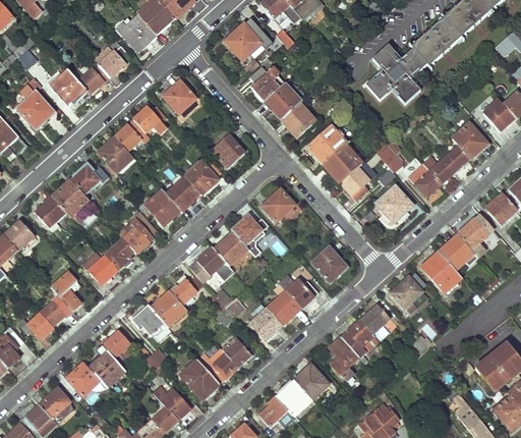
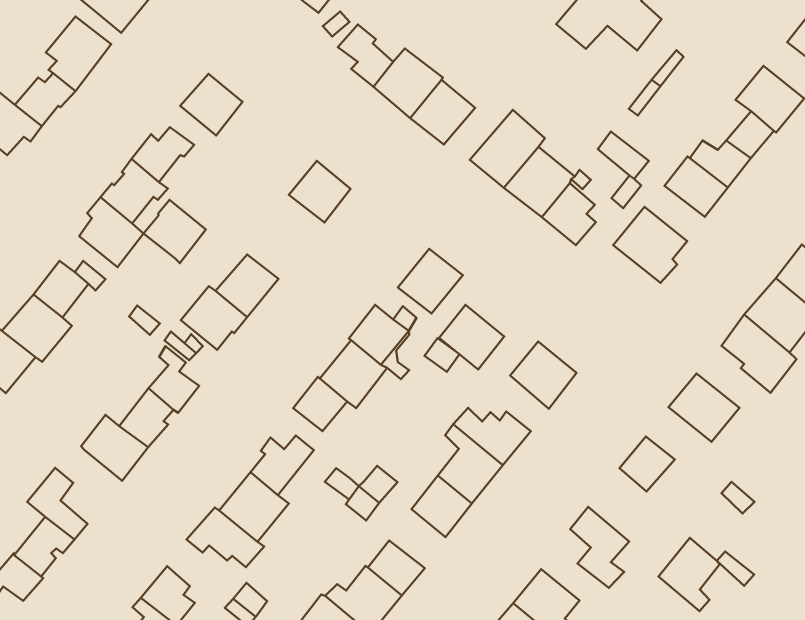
building: [185,162,218,196] -> [144,200,206,263]
building: none -> [439,305,504,369]
building: [341,319,373,358] -> [659,538,720,611]

